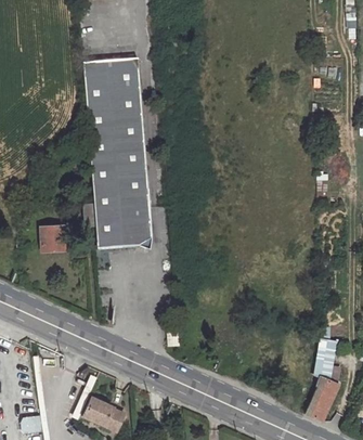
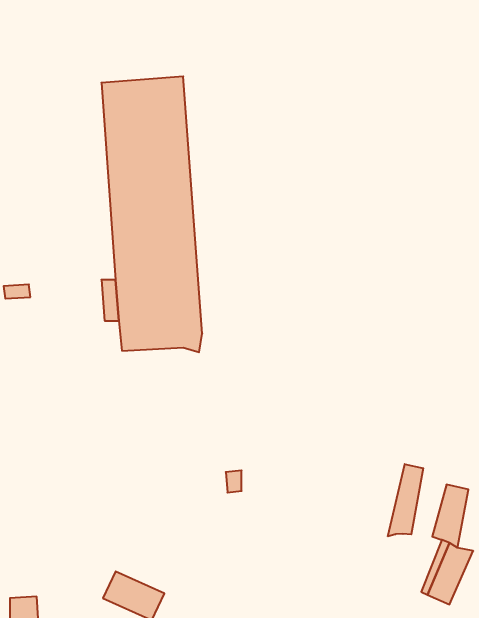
building: [42,225,65,249] -> none
building: none -> [388,464,423,536]

